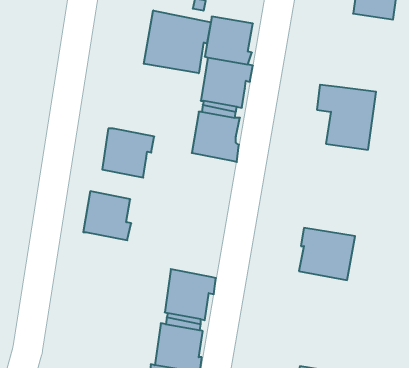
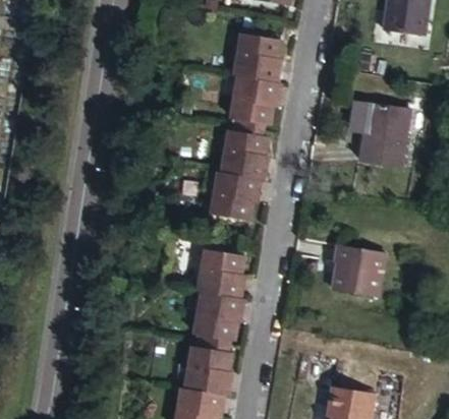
building: [144,10,211,73] -> none
building: [102,129,154,178] -> [210,170,263,220]
building: [83,191,131,240] -> [197,246,245,296]

